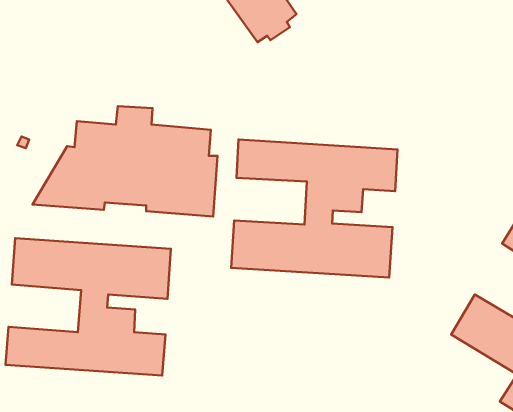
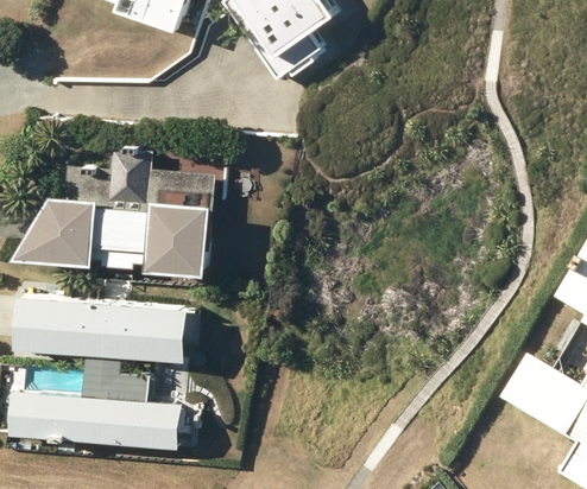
building: [231,139,397,278] -> none

